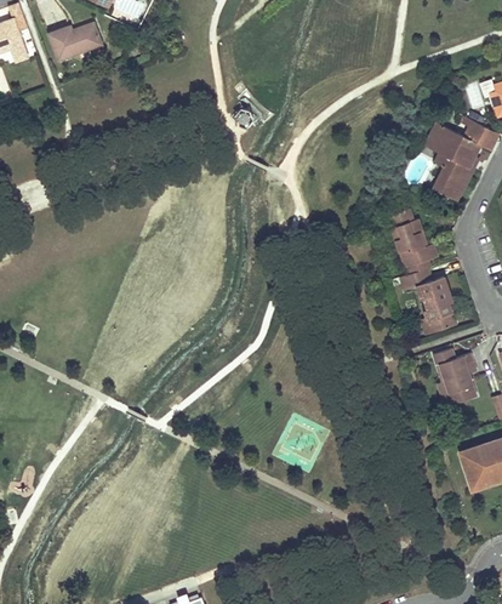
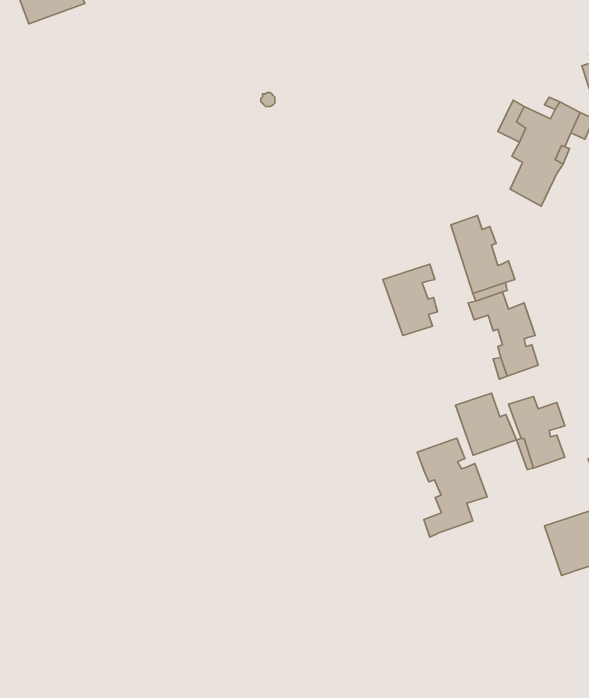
building: none -> [383,264,438,336]
building: none -> [456,393,516,455]
building: none -> [417,438,487,537]

